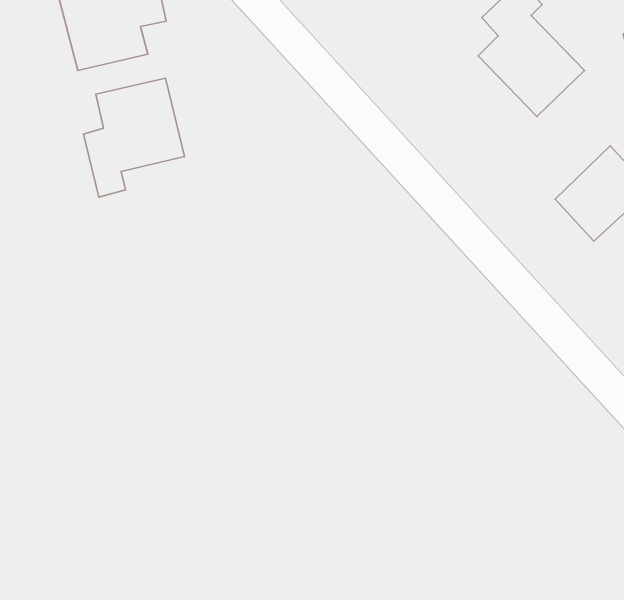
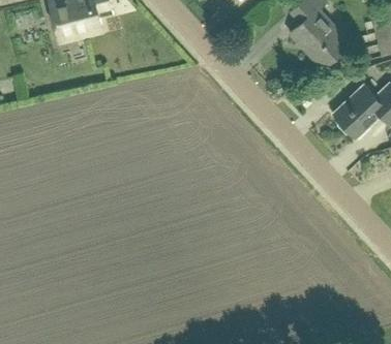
building: [83,78,185,197] -> none

